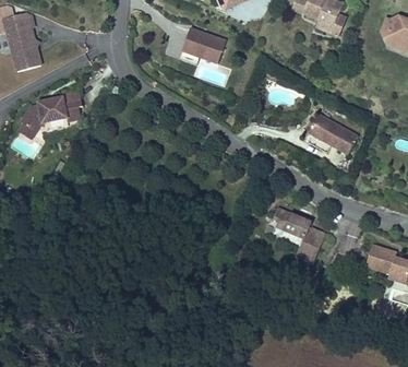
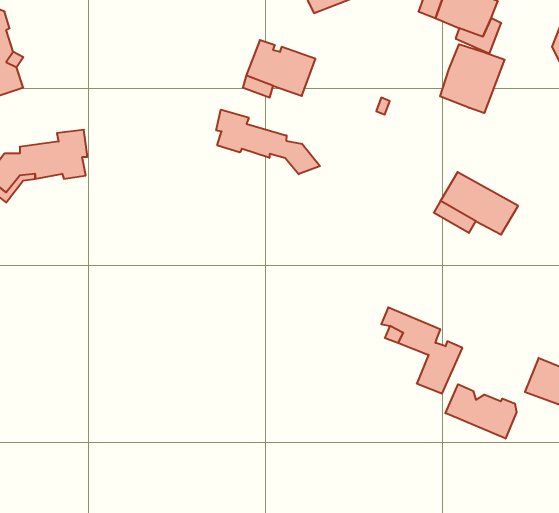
building: none -> [440,44,505,113]
building: none -> [216,110,320,174]
building: none -> [445,384,517,439]

